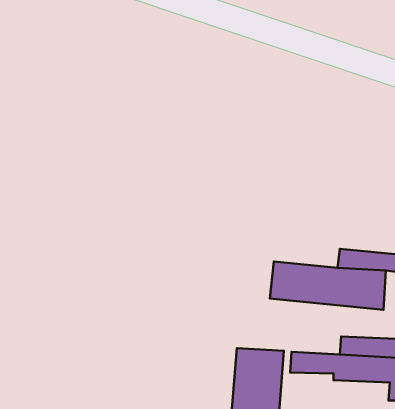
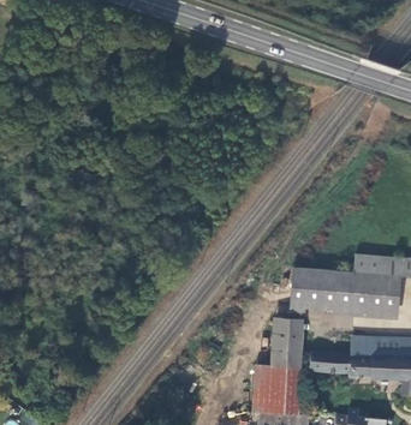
building: none -> [258,315,305,351]

